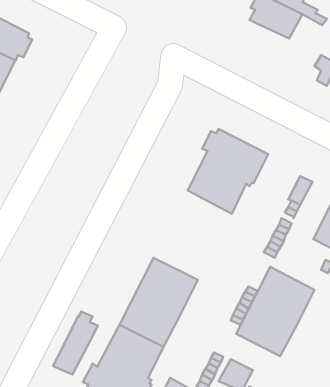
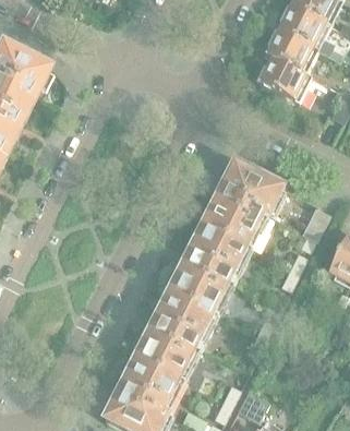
building: none -> [256,57,311,99]
building: [236,267,314,356] -> [171,223,249,311]
building: [53,312,98,374] -> none

